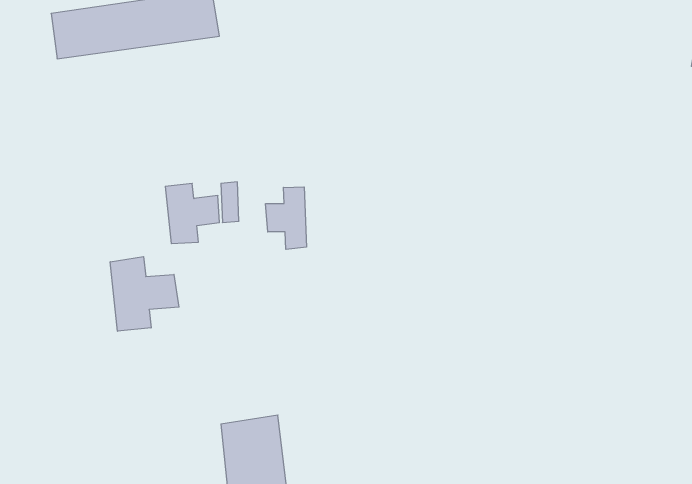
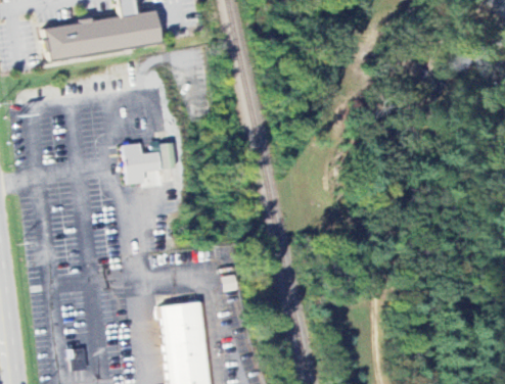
building: [266,187,306,249] -> none
building: [110,257,179,331] -> none

